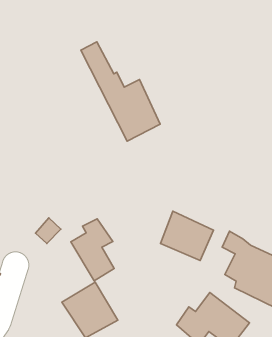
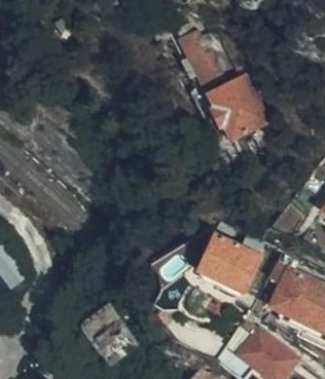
building: [81,42,160,141] -> [183,30,269,138]
building: [71,219,114,281] -> none

